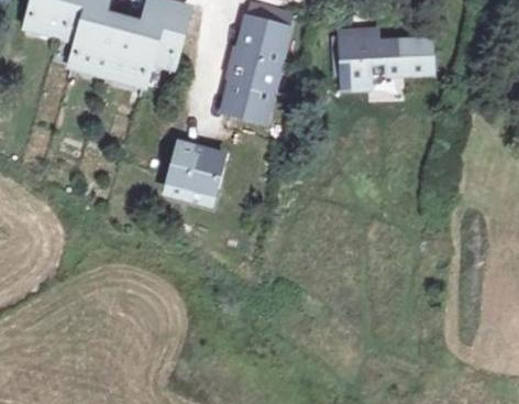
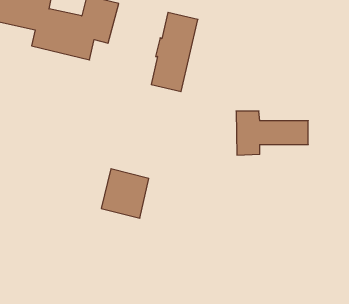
building: [341,31,431,86] -> [236,111,308,155]
building: [165,142,224,204] -> [101,169,149,218]

